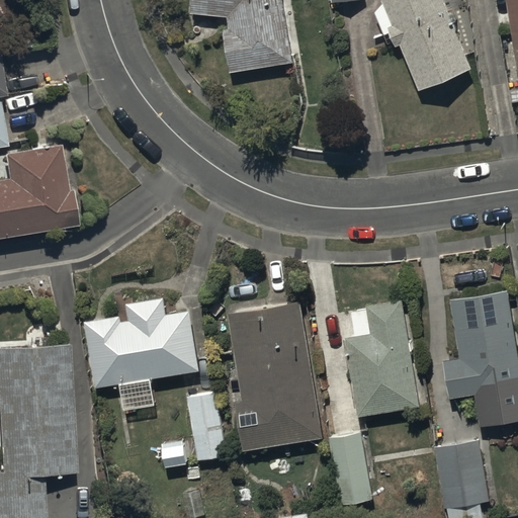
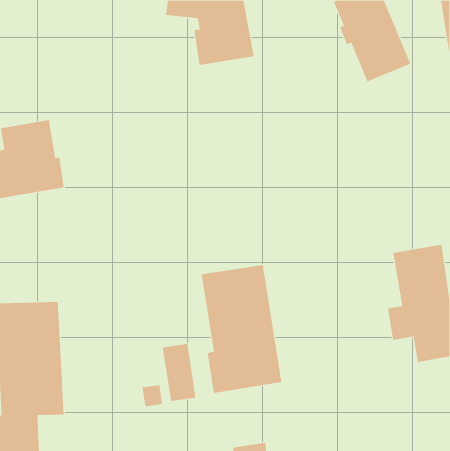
building: [343,290,421,407] -> none
building: [86,298,199,388] -> none
building: [331,432,373,505] -> none
building: [435,441,491,510] -> none

